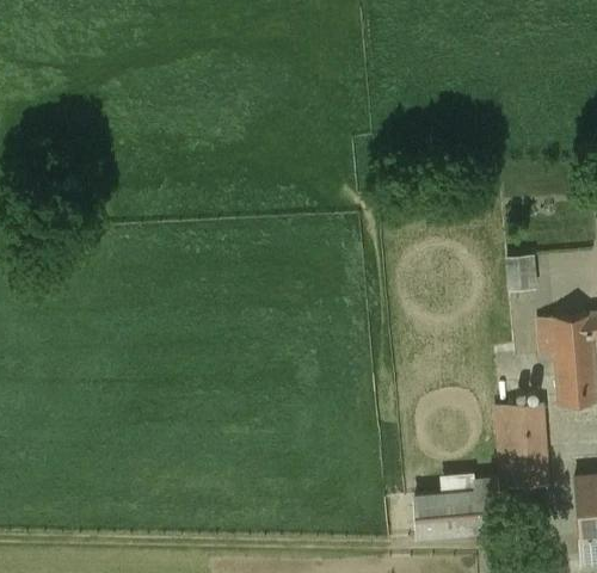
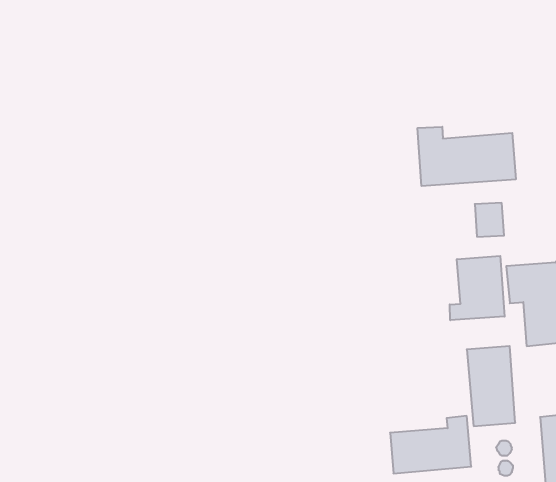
building: none -> [418,127,516,186]
building: none -> [450,256,505,320]

